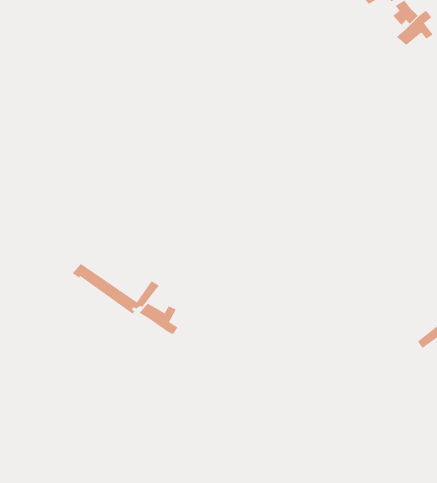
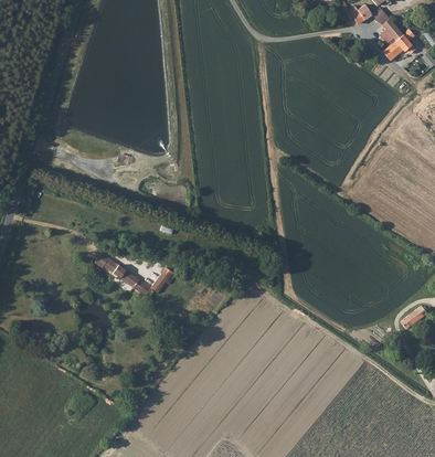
building: [139,303,178,334] -> none

